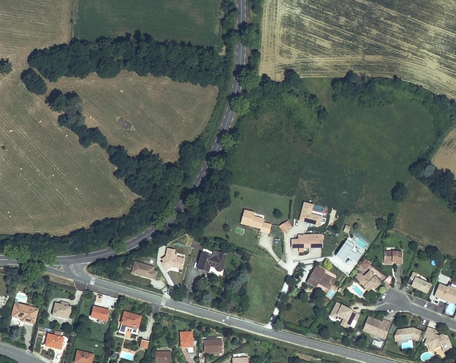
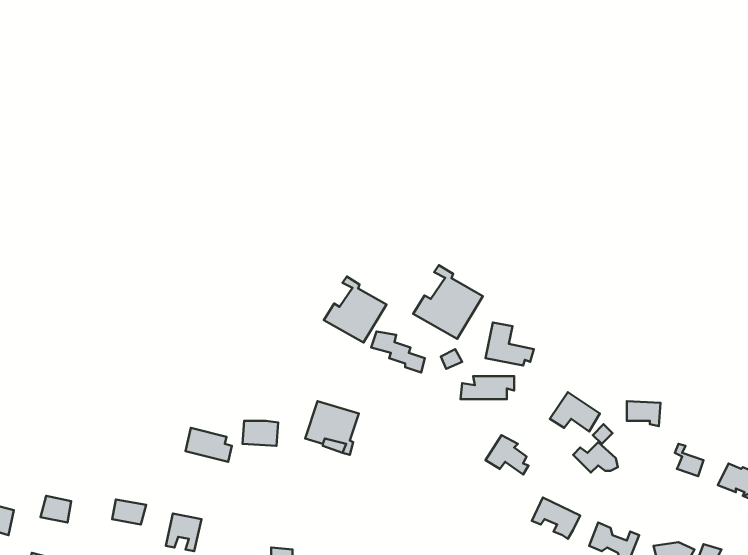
building: none -> [413,265,483,339]
building: none -> [324,277,386,343]

